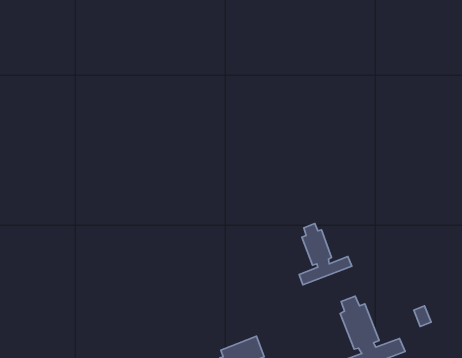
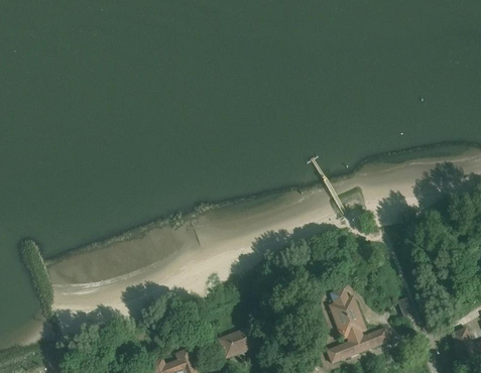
building: [299,224,352,285] -> none

